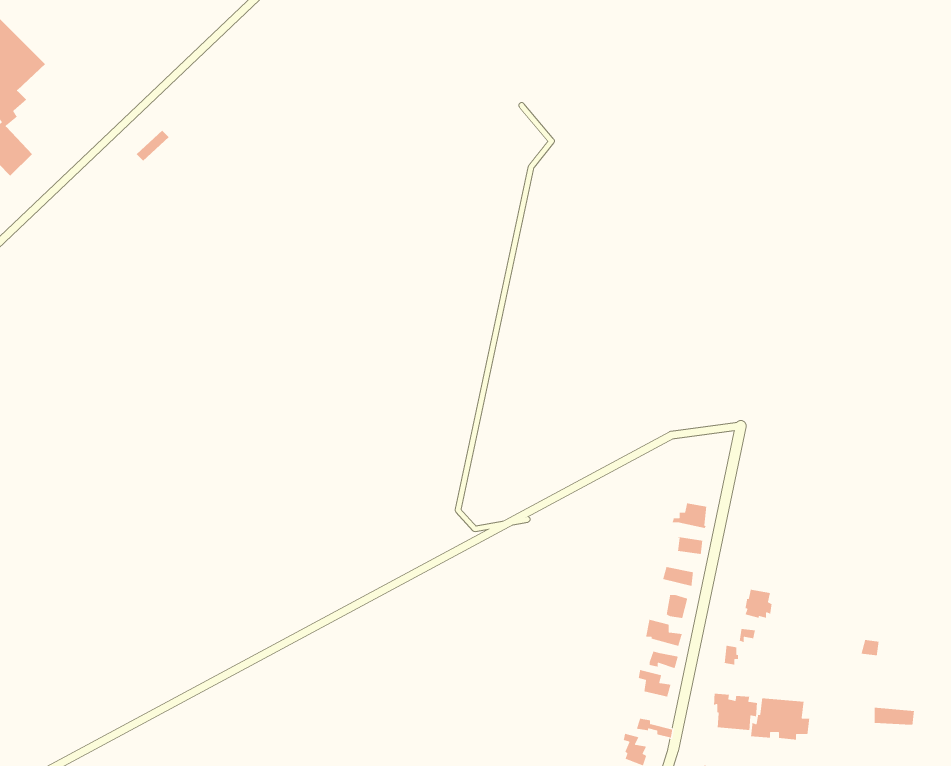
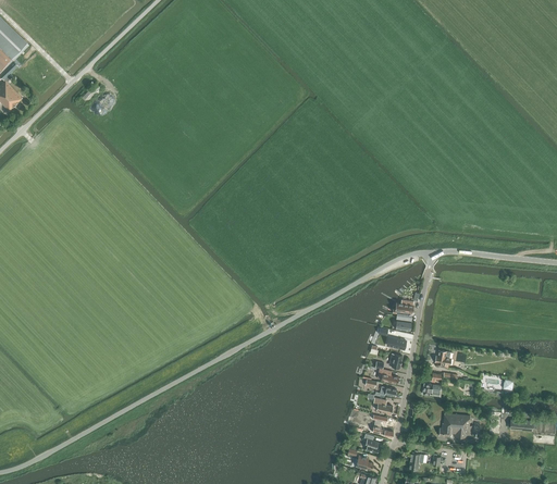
building: [713,693,758,731] -> none

